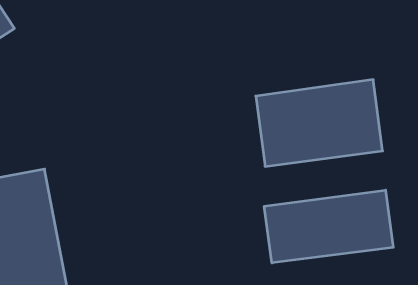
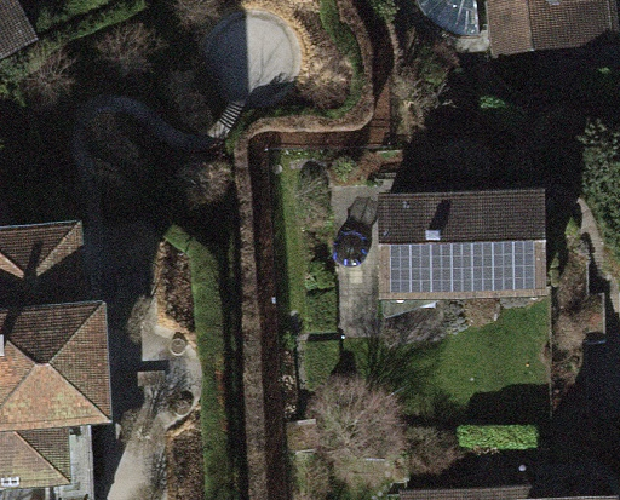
building: [264,190,393,263] -> none

